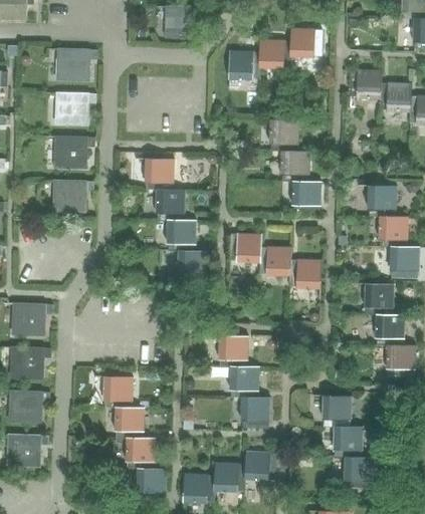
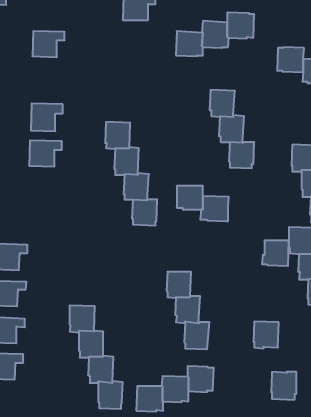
building: [57,92,95,123] -> none
building: [288,259,321,289] -> [262,241,289,266]
building: [333,426,362,458] -> none

